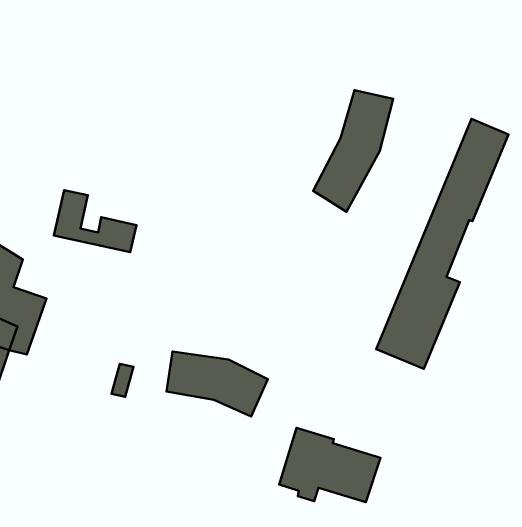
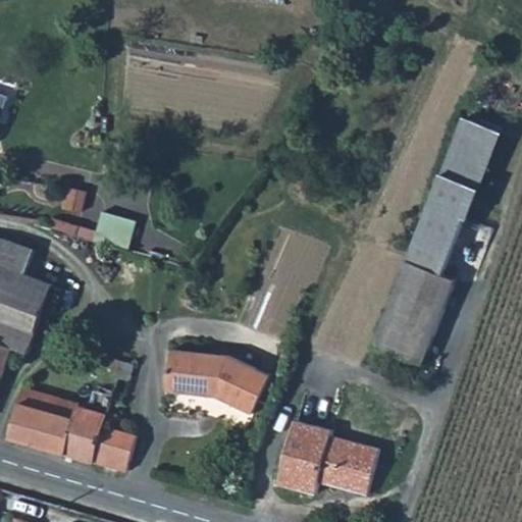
building: [313,90,393,212] -> none
building: none -> [5,385,135,470]

